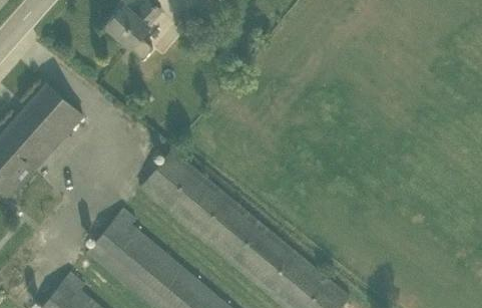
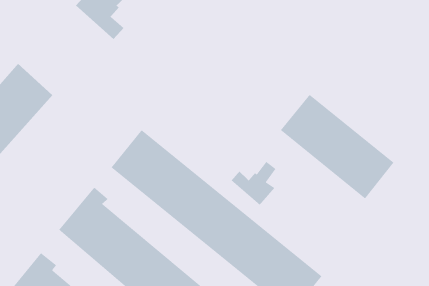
building: none -> [280,94,394,200]
building: none -> [231,161,277,206]

